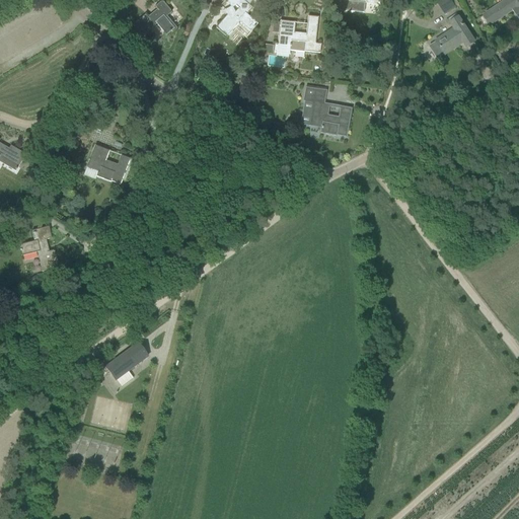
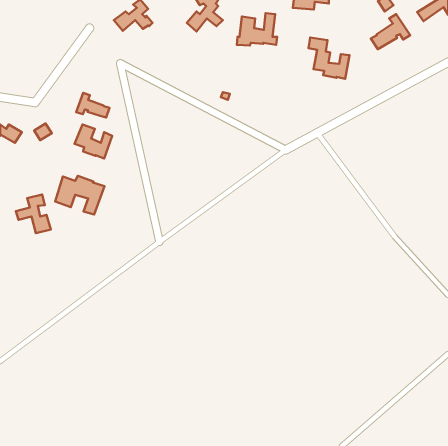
building: [303,87,351,135] -> [308,38,350,79]
building: none -> [76,93,110,117]
building: none -> [55,176,104,214]
building: [104,342,147,379] -> none

